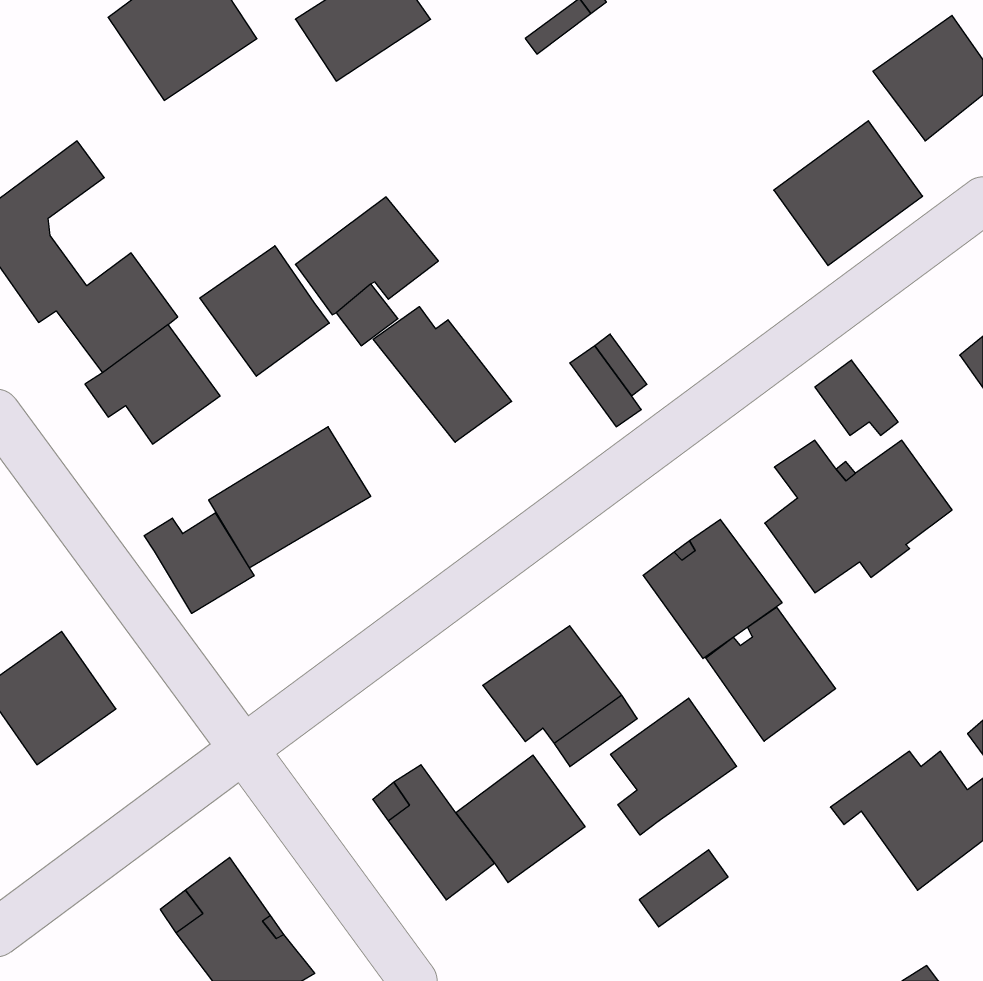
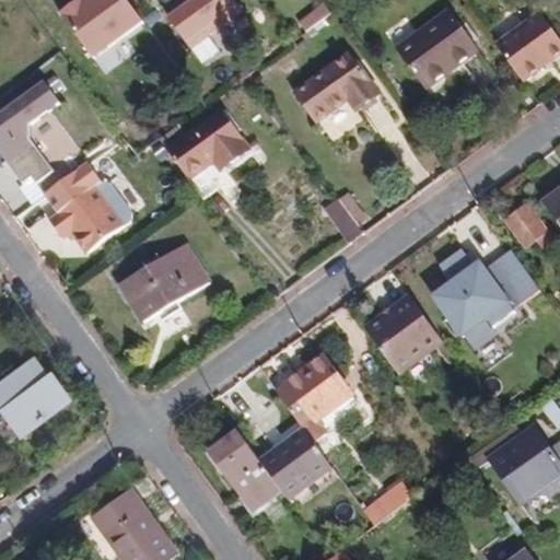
building: none -> [293,51,377,120]
building: [774,121,923,266] -> [394,7,478,89]
building: [200,246,329,376] -> none
building: [373,307,512,442] -> none
building: [815,360,898,435] -> [505,203,552,246]
building: [144,513,254,613] -> none
building: [706,607,836,741] -> none
building: [611,698,737,835] -> none

